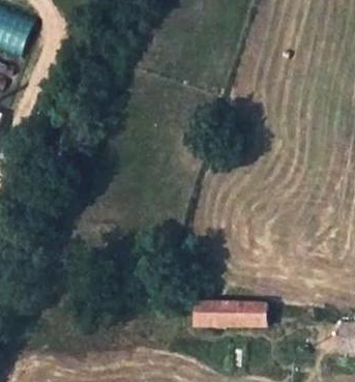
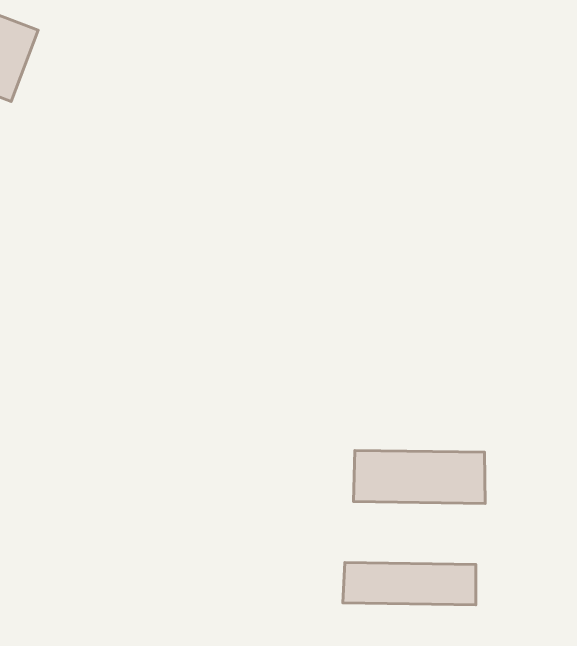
building: none -> [354,450,485,503]

